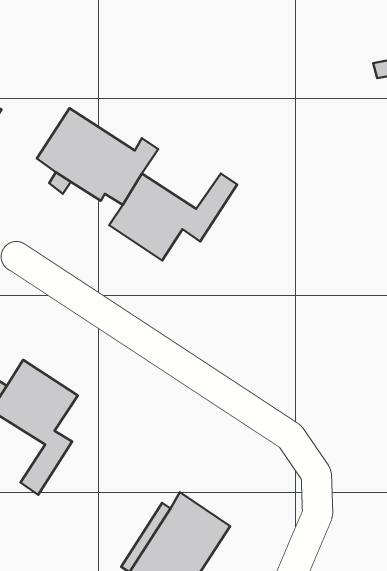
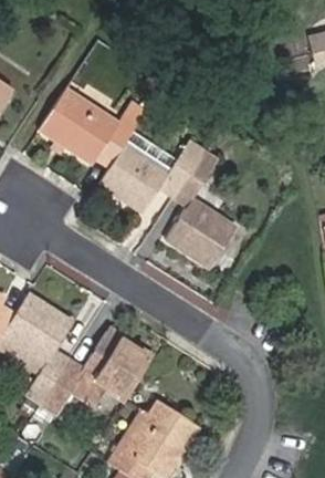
building: none -> [167,150,235,268]
building: none -> [41,331,153,412]

